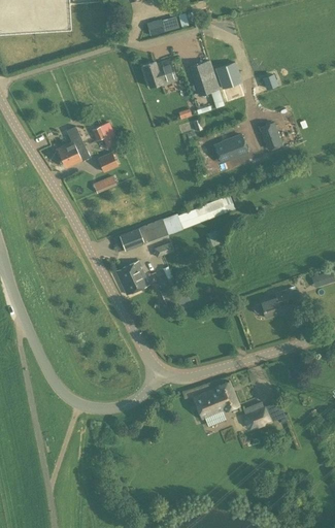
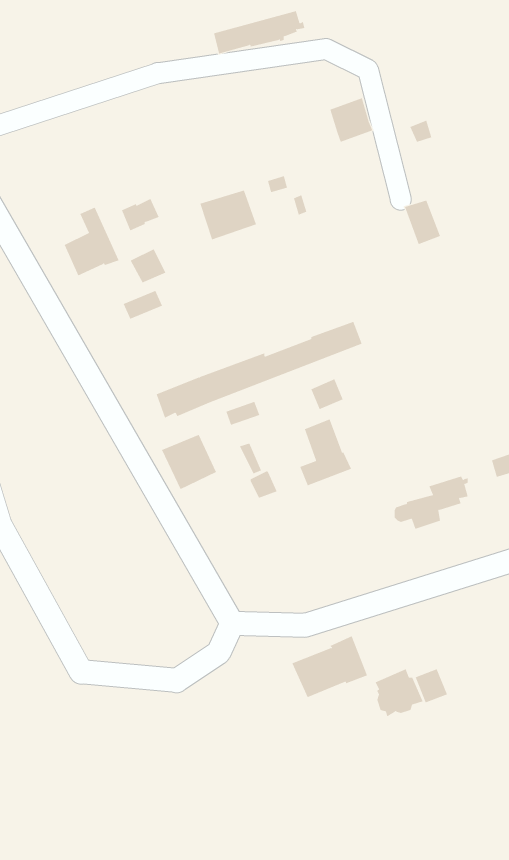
building: [142,57,176,87] -> [199,190,257,240]
building: [193,60,219,95] -> none
building: [214,134,247,162] -> none
building: none -> [300,419,352,486]

